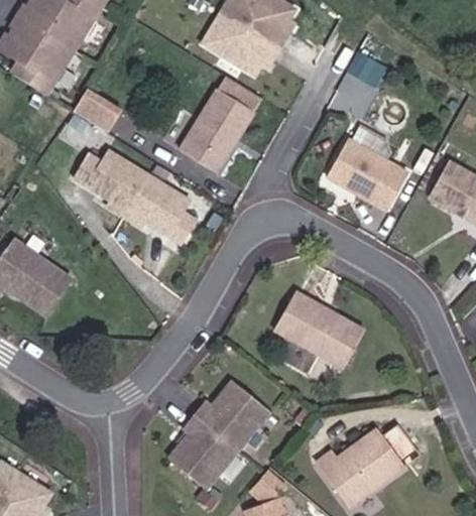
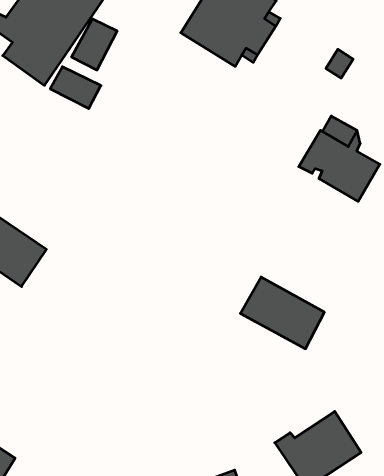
building: none -> [72,19,117,70]
building: [170,76,261,184] -> none
building: [70,151,194,245] -> none
building: [165,377,268,485] -> none

